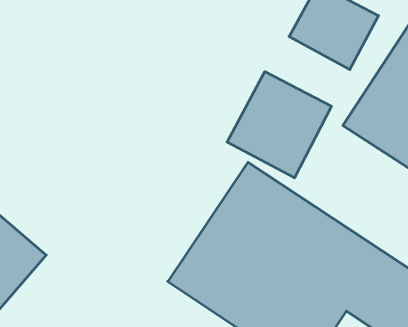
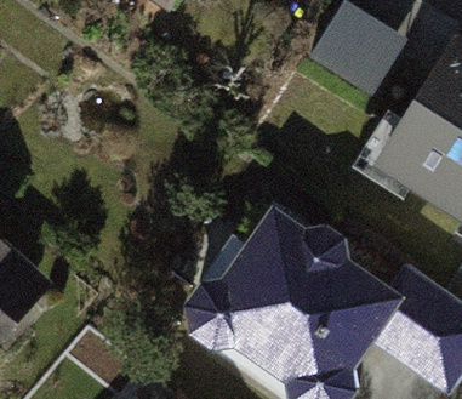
building: [227,72,331,178] -> none

